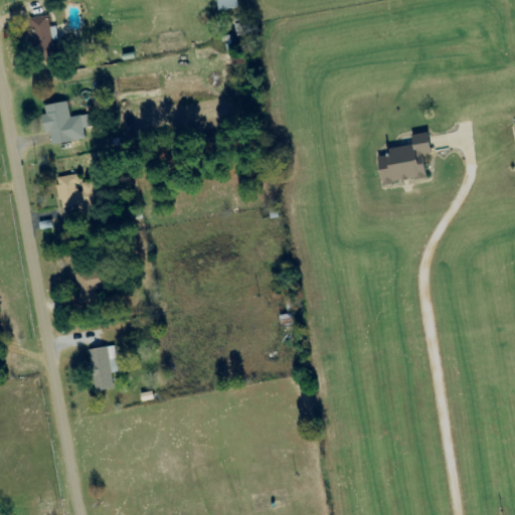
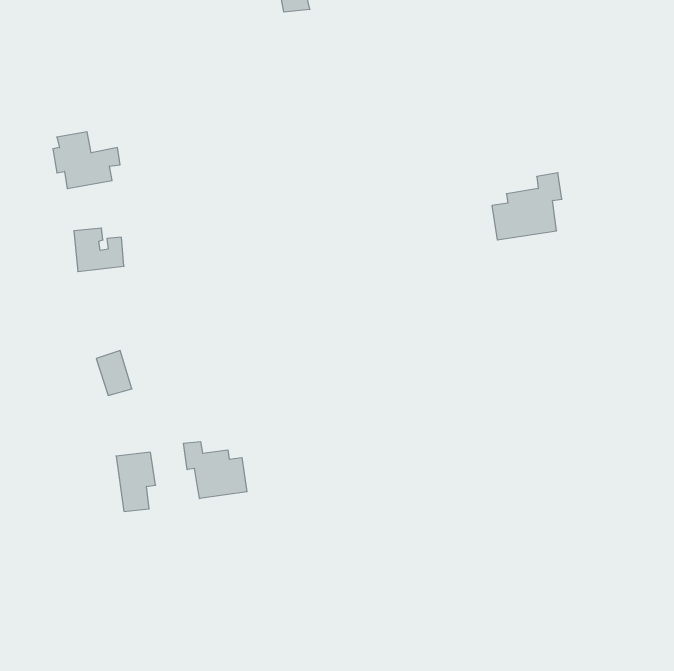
building: [29,14,61,60] -> none
building: none -> [183,442,247,499]

